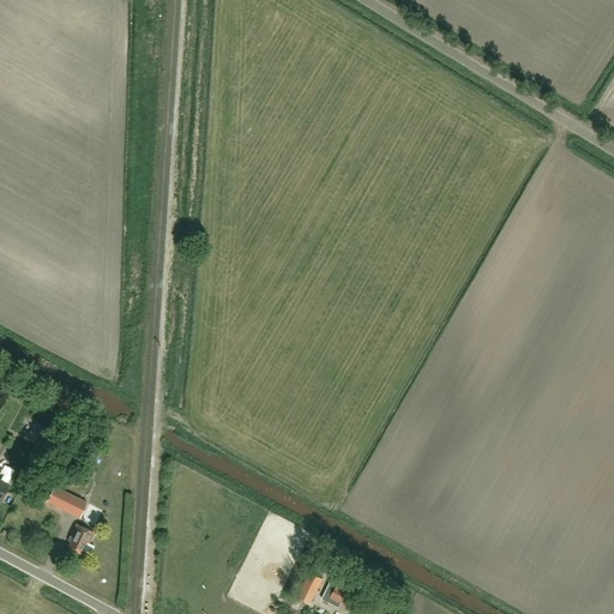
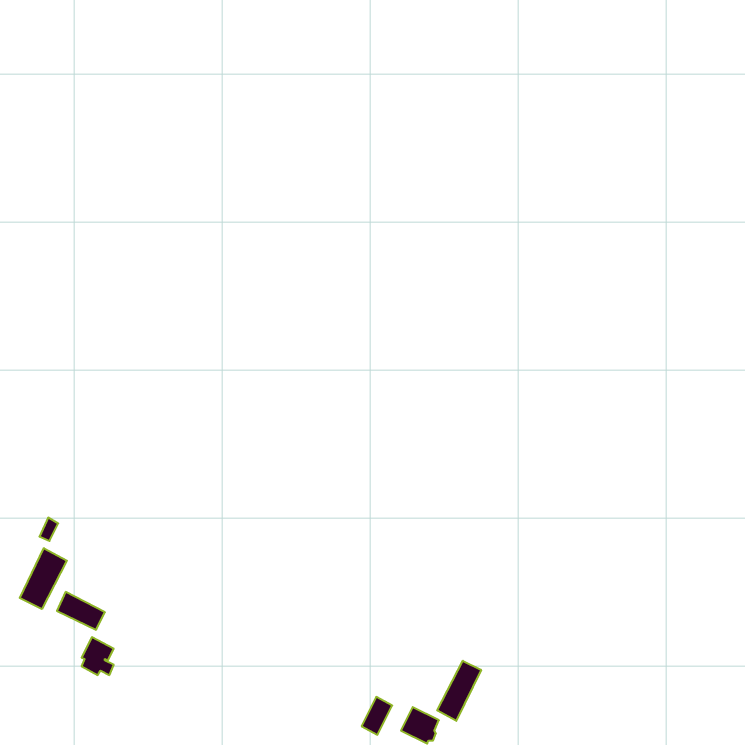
building: none -> [20,548,67,609]
building: none -> [437,661,481,721]

